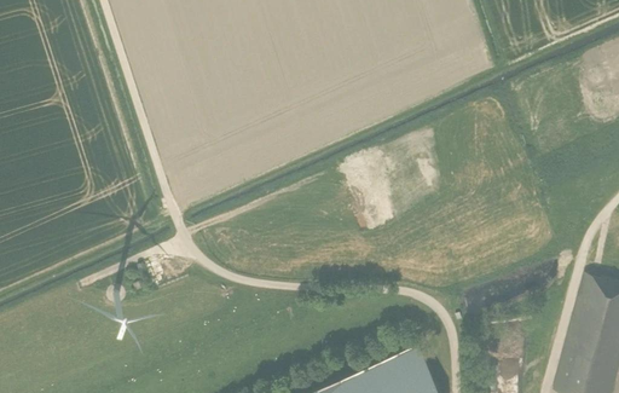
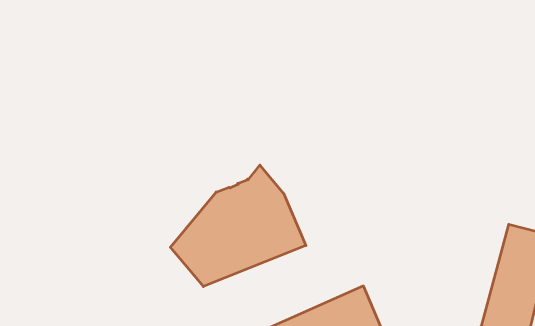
building: none -> [170,165,306,287]

